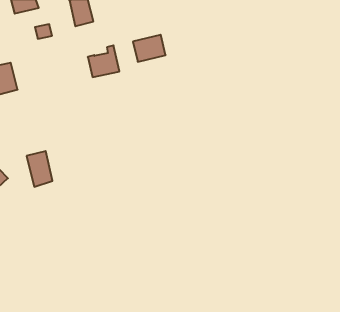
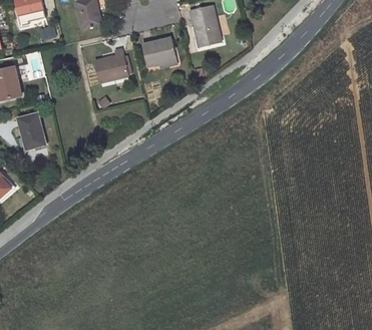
building: none -> [190,5,221,46]
building: [27,151,52,187] -> [17,112,44,149]

